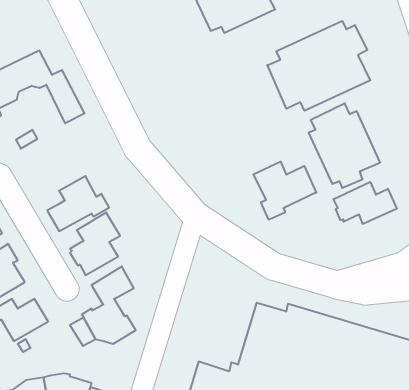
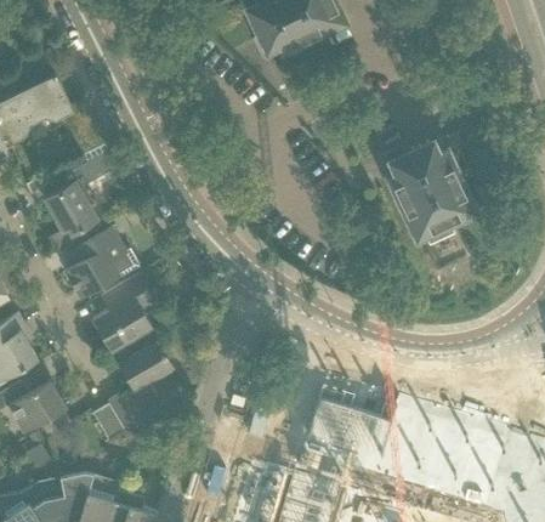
building: [267,21,370,111] -> none
building: none -> [44,178,101,256]
building: [253,162,316,220] -> none
building: [333,182,397,224] -> none

